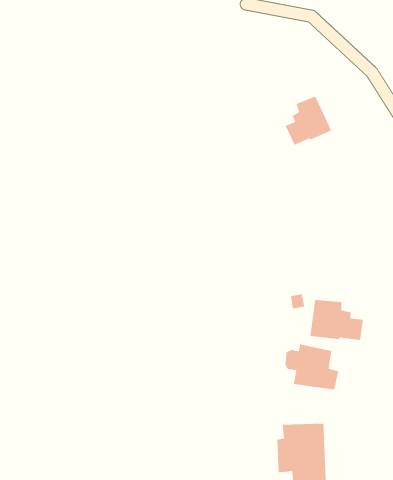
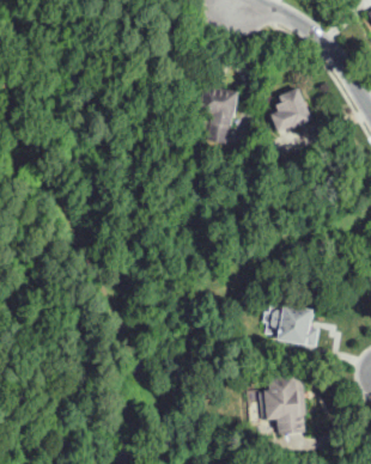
building: none -> [199,87,237,145]
building: [310,299,364,341] -> none

